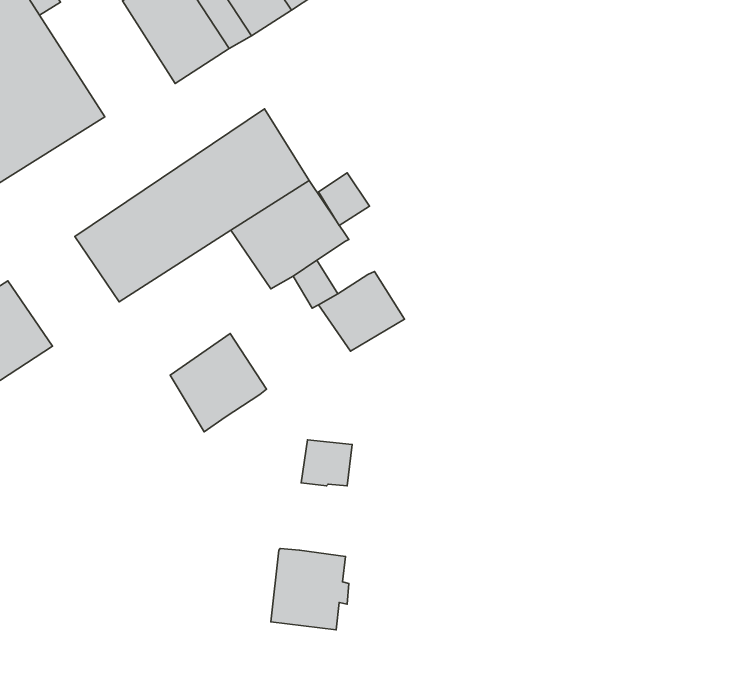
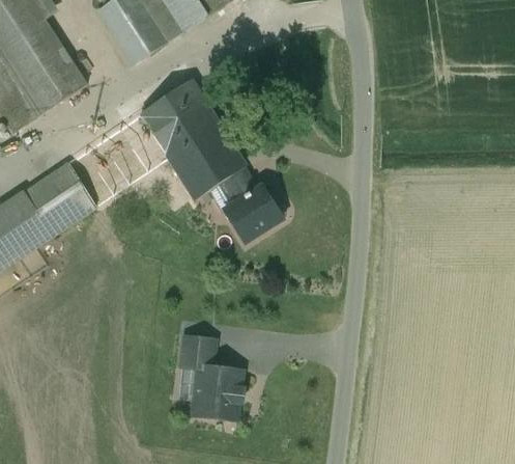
building: [319,173,370,225] -> [224,166,257,200]
building: none -> [23,163,95,235]
building: [170,333,266,432] -> none
building: [301,440,352,486] -> [182,337,216,367]

